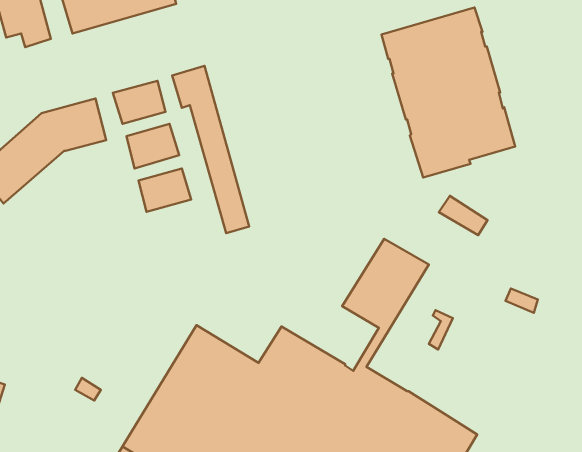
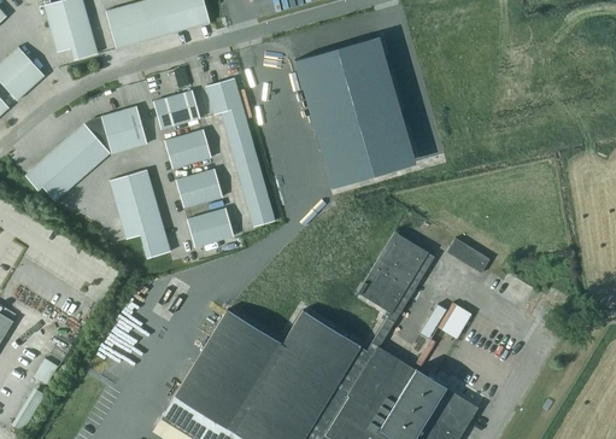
building: [381,7,515,177] -> [294,35,413,187]
building: none -> [108,169,170,258]
building: [439,196,487,235] -> [446,238,489,273]
building: none -> [186,207,233,247]

